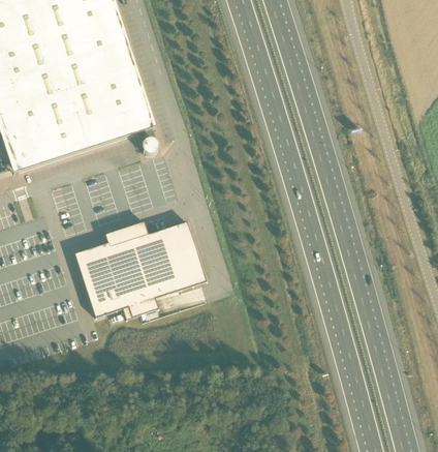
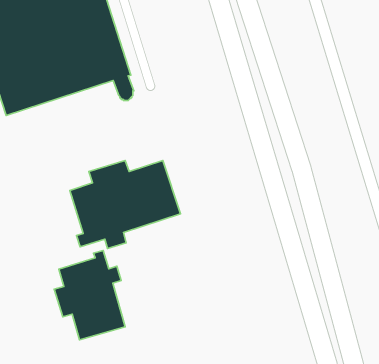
building: none -> [54,250,125,340]

